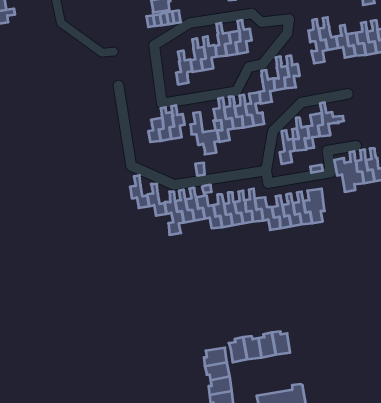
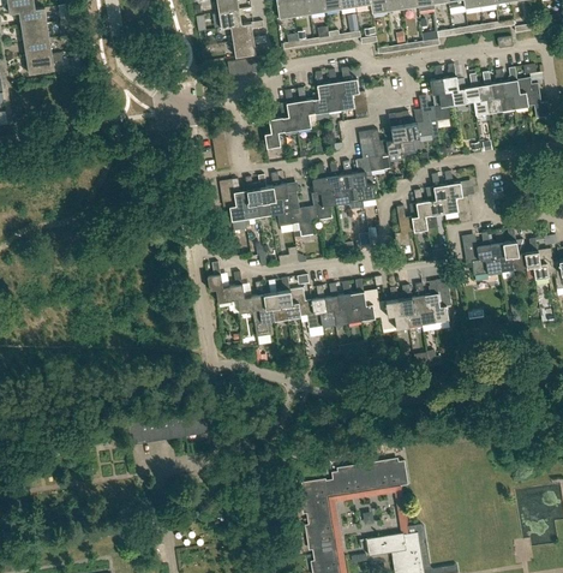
building: none -> [417,96,439,139]
building: none -> [269,173,292,227]
building: none -> [125,412,210,446]

